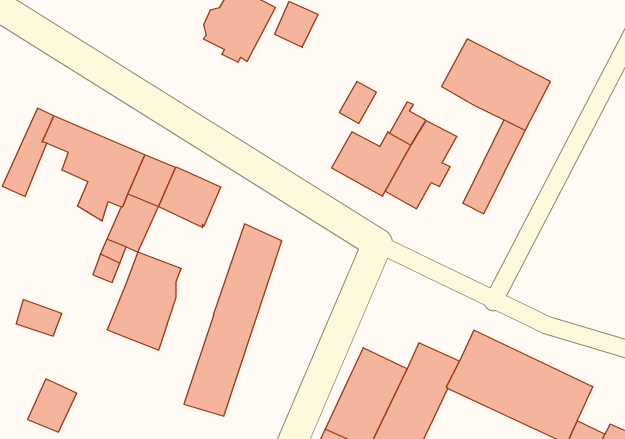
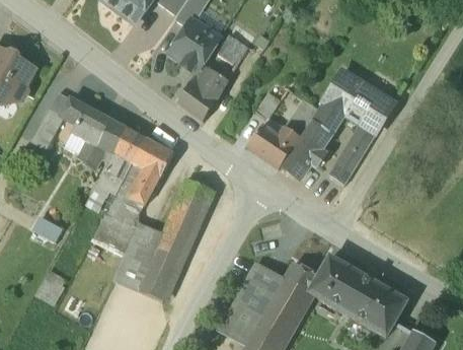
building: none -> [178,68,228,119]
building: none -> [311,98,344,132]
building: none -> [118,160,161,203]
building: none -> [114,220,163,290]

